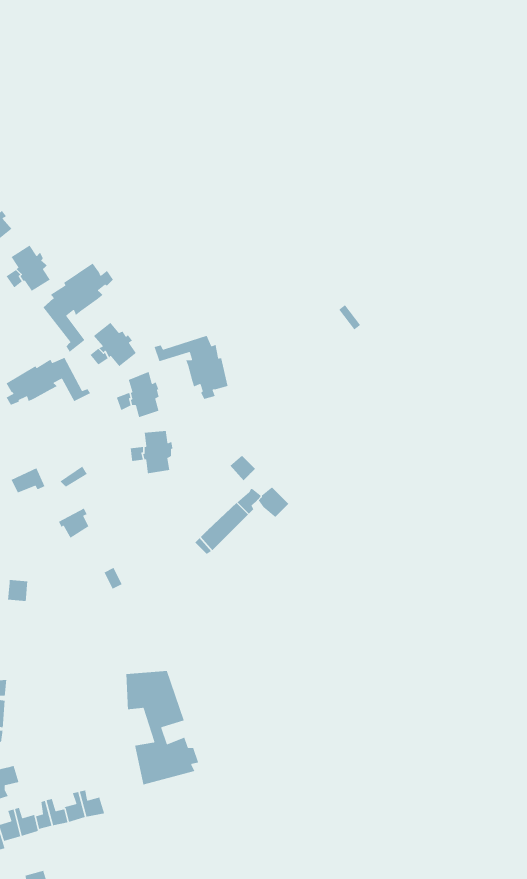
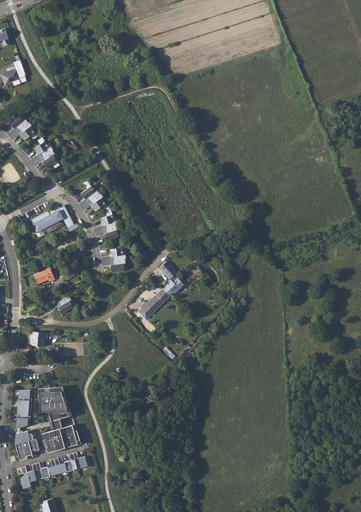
building: [43,262,114,353] -> none
building: [154,335,229,400] -> none
building: [125,670,199,786] -> [37,386,79,452]

